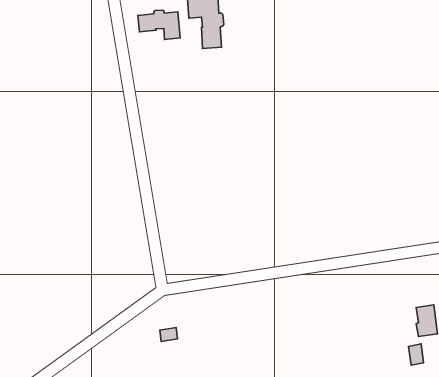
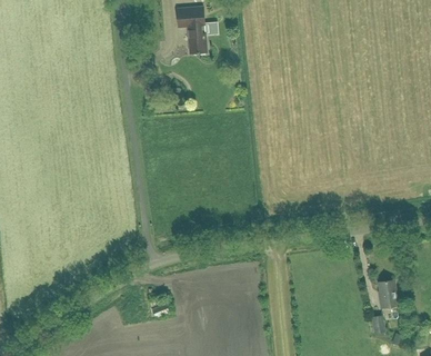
building: [138,10,180,40] -> none

